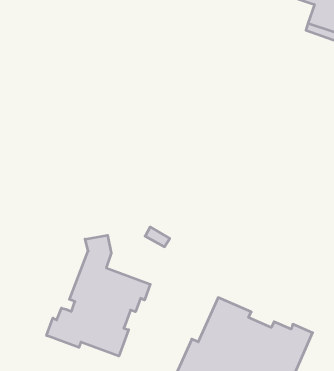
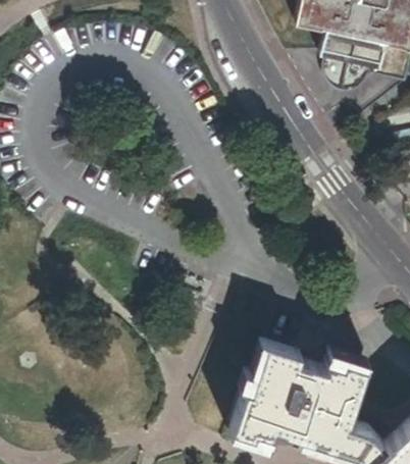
building: [47,235,150,356] -> none

